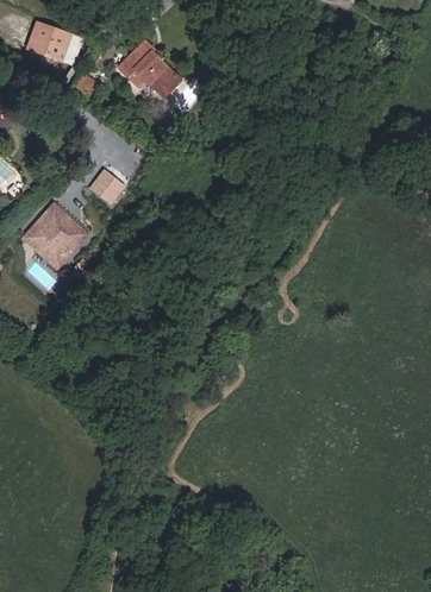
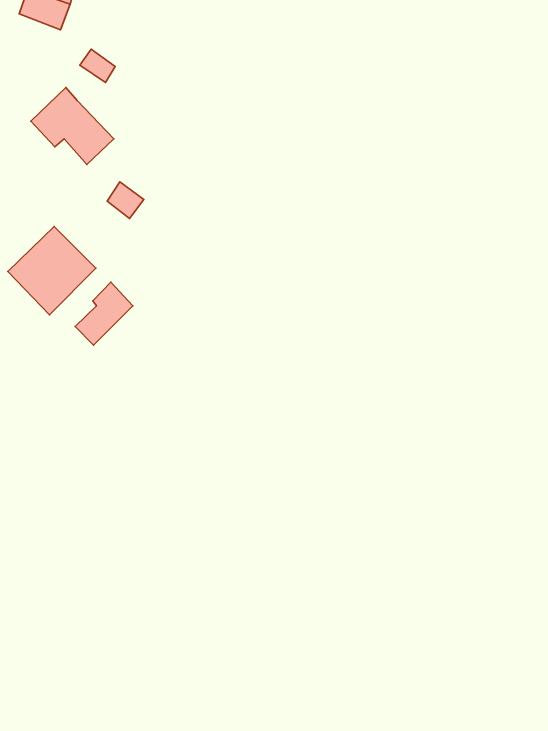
building: [120,42,182,99] -> [31,88,114,164]
building: none -> [75,282,133,345]

